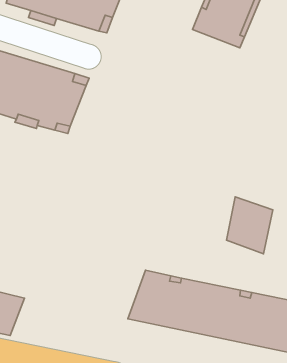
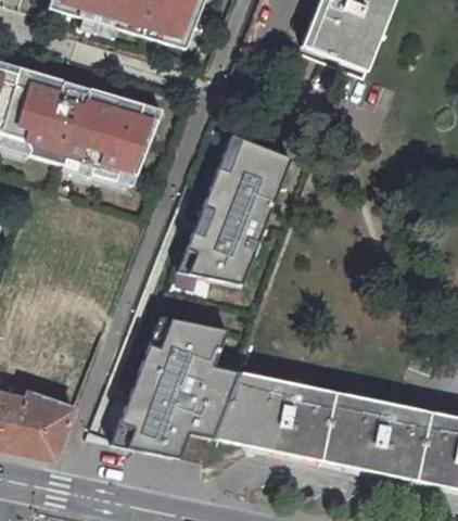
building: none -> [179,131,290,281]
building: [227,197,273,254] -> none
building: none -> [112,313,238,456]

